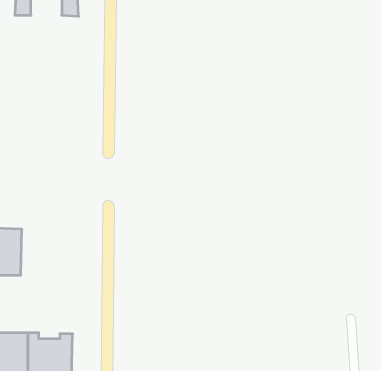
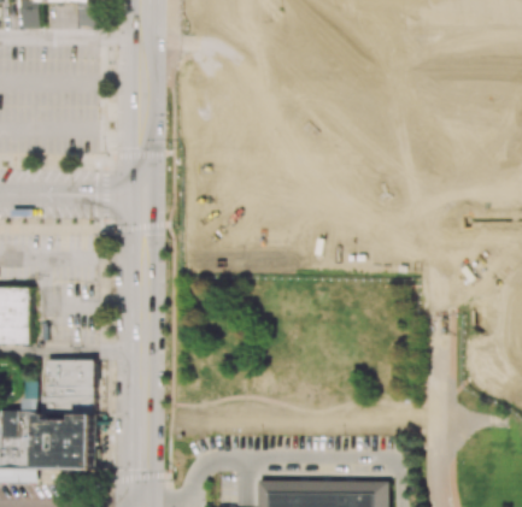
building: none -> [37,359,92,418]

